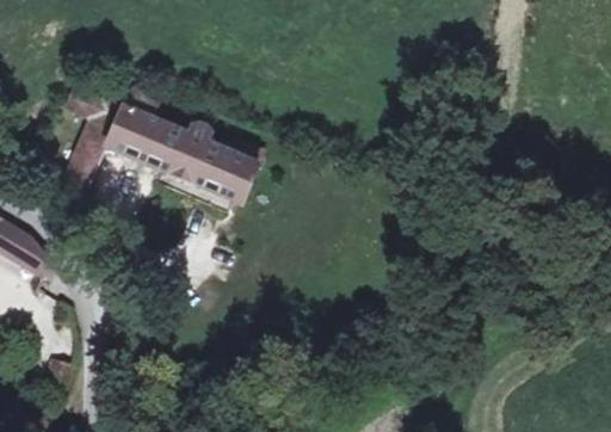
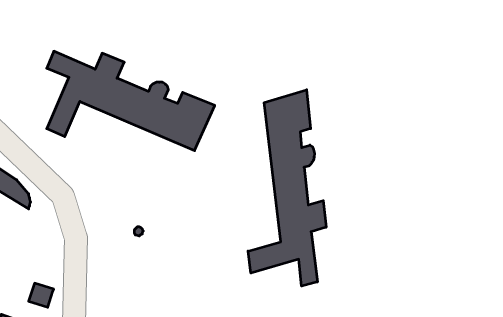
building: none -> [248,90,326,286]

